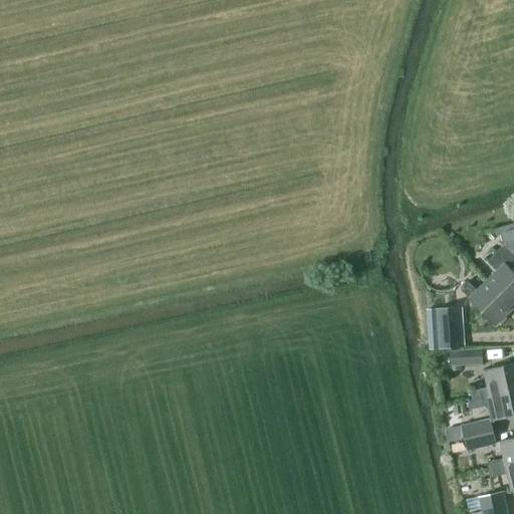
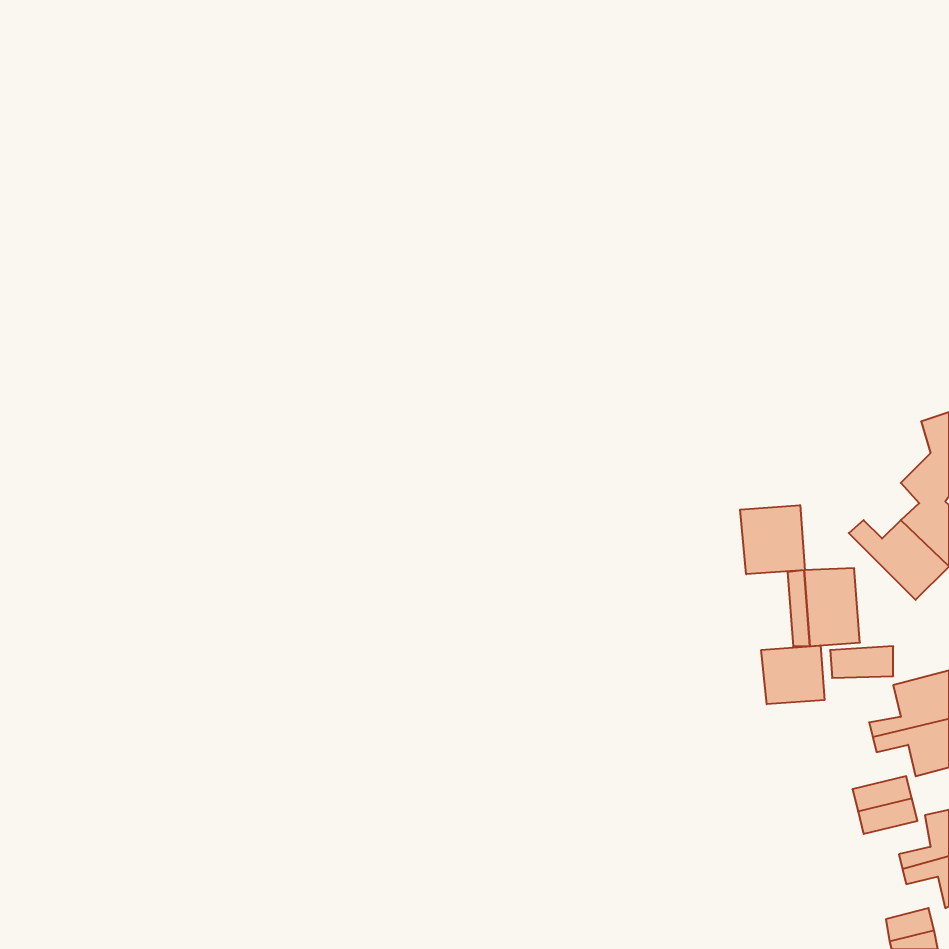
building: none -> [740,505,805,574]
building: none -> [761,645,824,704]

